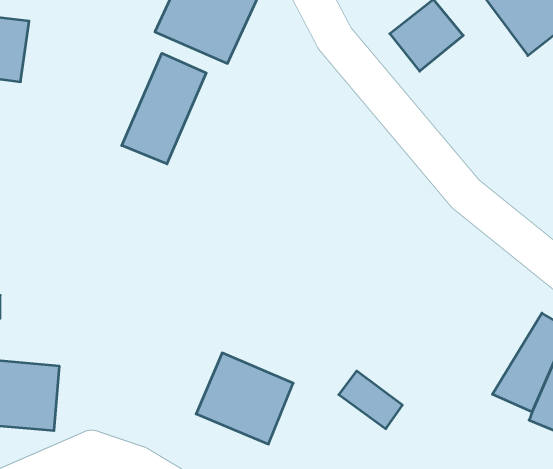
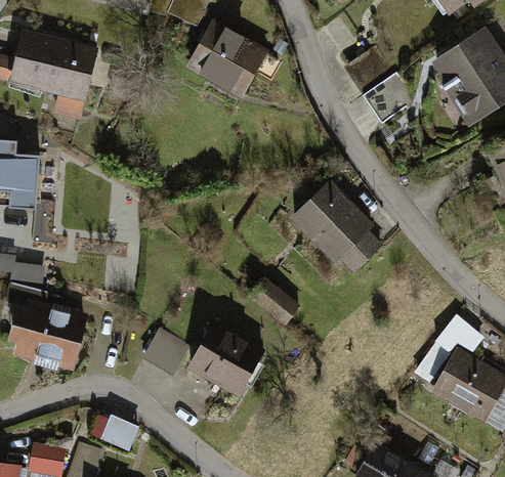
building: [122,53,206,164] -> none
building: none -> [296,182,380,272]
building: [339,371,402,429] -> [251,276,298,322]
building: none -> [148,332,186,371]

